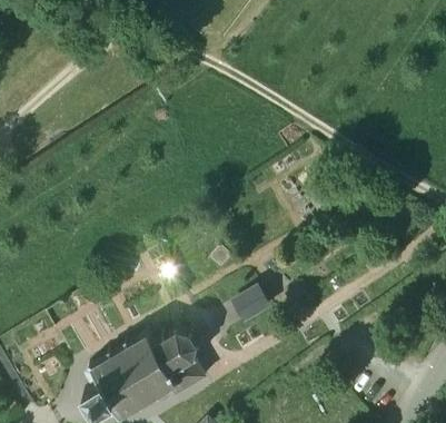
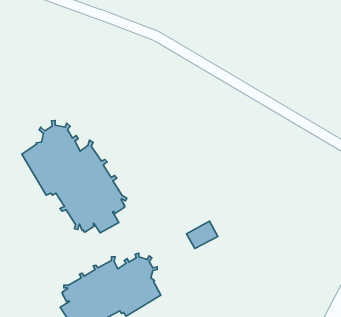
building: none -> [22,120,127,233]

